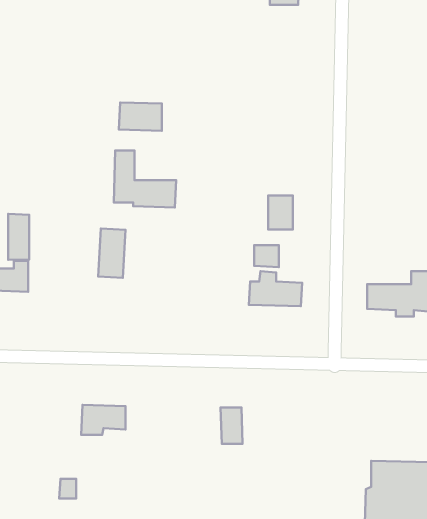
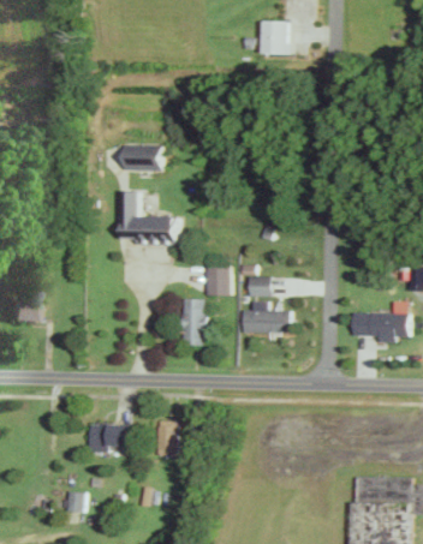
building: [268,196,293,229] -> [205,262,228,293]
building: [8,214,29,260] -> none
building: [98,229,125,278] -> [179,298,204,343]
building: [221,407,243,444] -> [156,420,177,454]

